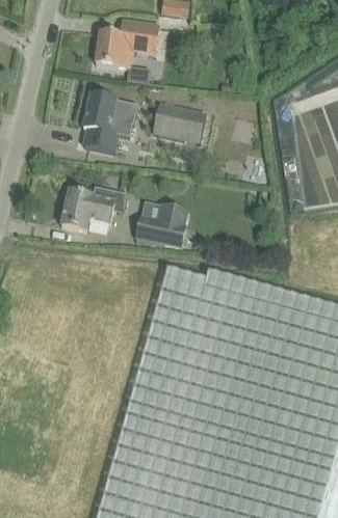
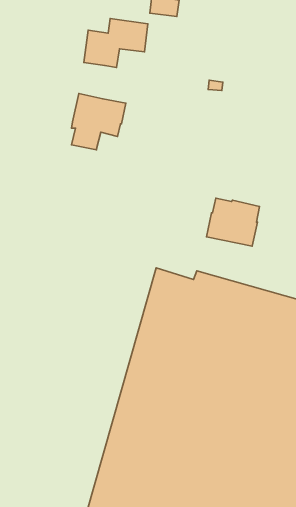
building: [154,103,207,142] -> none
building: [62,188,128,231] -> none
building: [136,202,189,250] -> [206,198,260,246]

